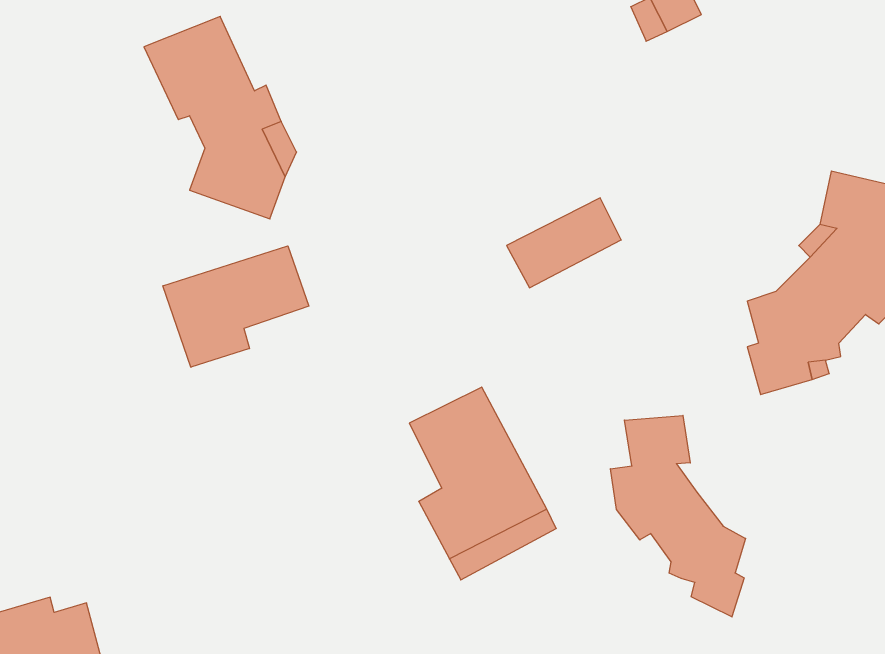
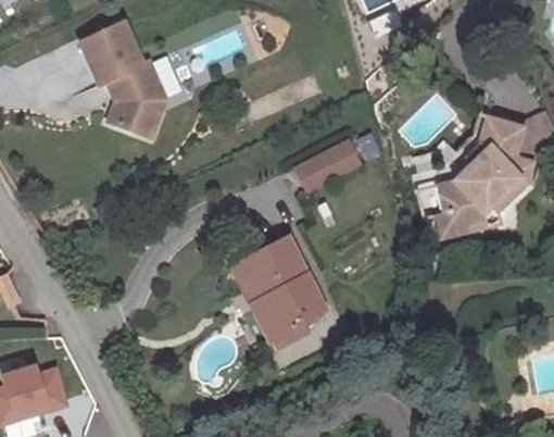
building: [163,246,309,367] -> none
building: [610,415,746,617] -> none

